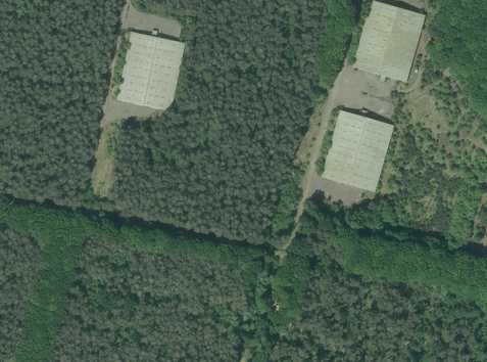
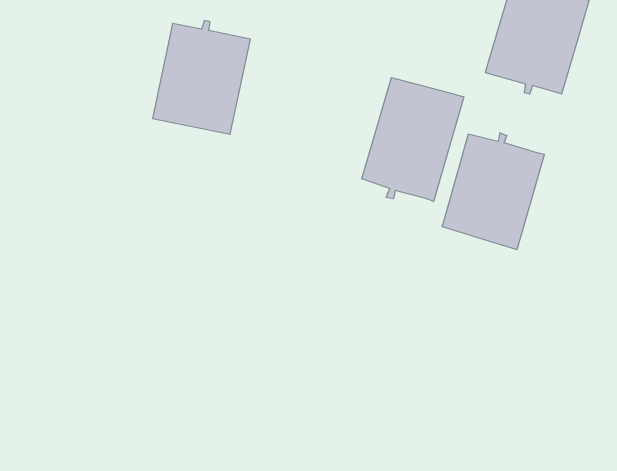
building: none -> [362,78,464,202]

